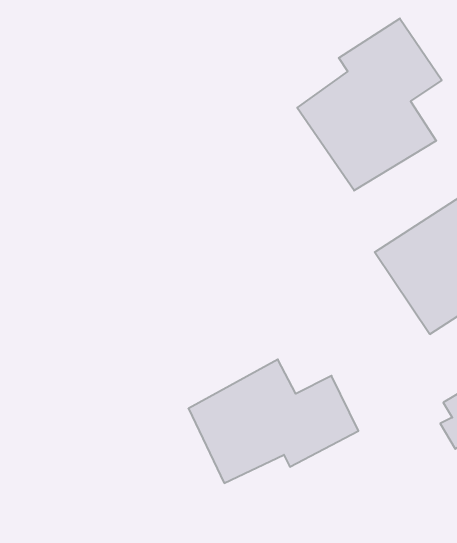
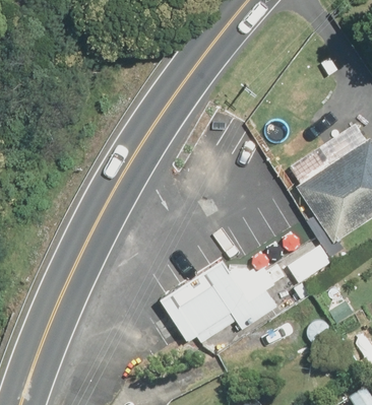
building: [297,18,442,191] -> none

